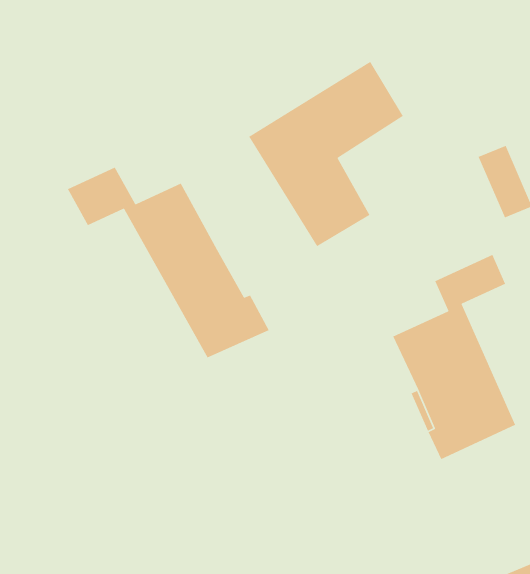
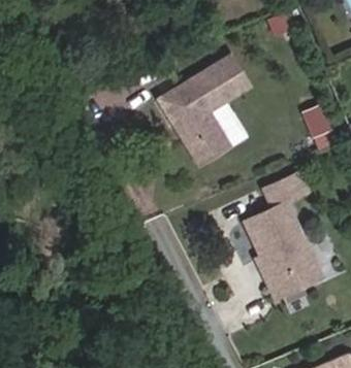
building: [67,166,270,359] -> none

